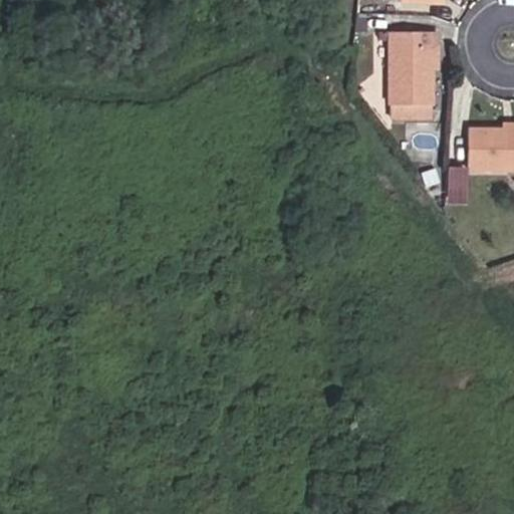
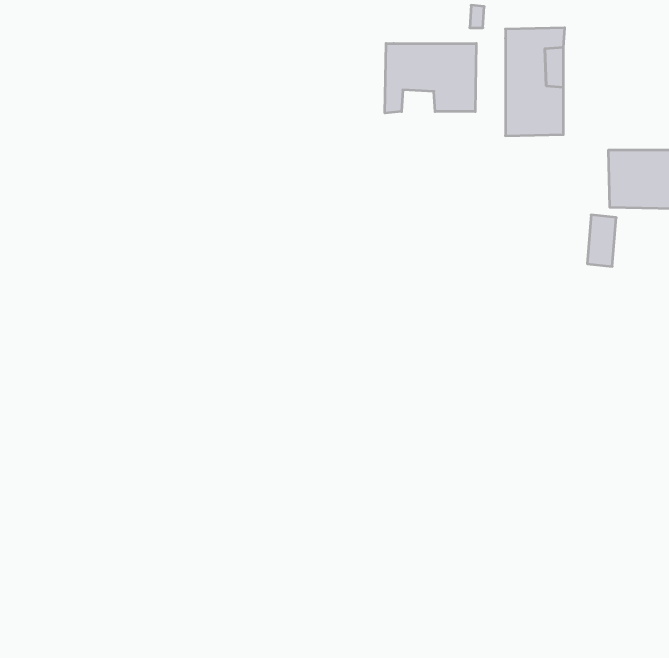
building: none -> [385,43,476,113]

